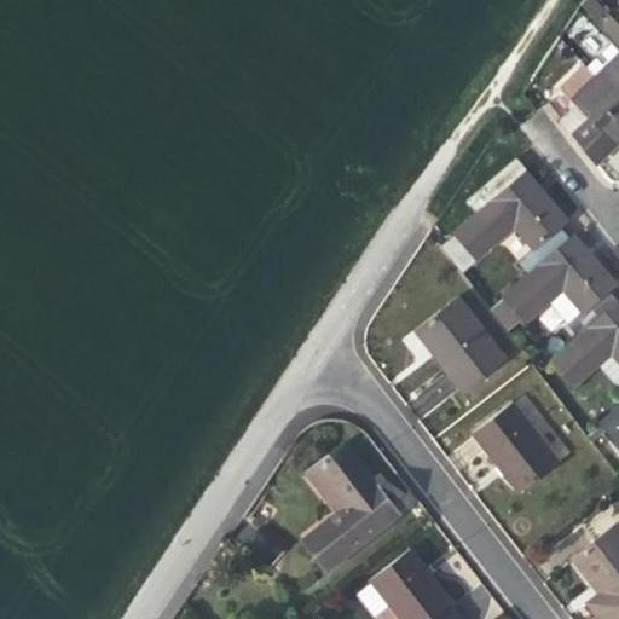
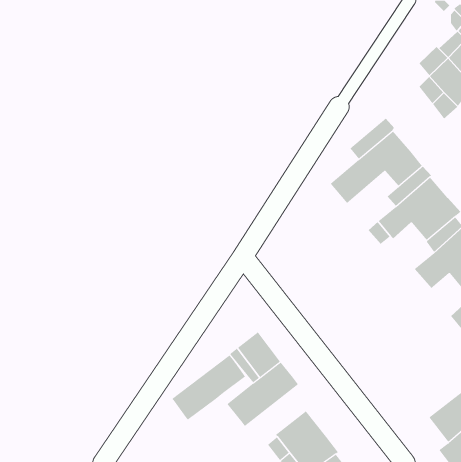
building: [417,297,508,393] -> none
building: [474,401,561,493] -> none
building: none -> [171,354,246,421]

